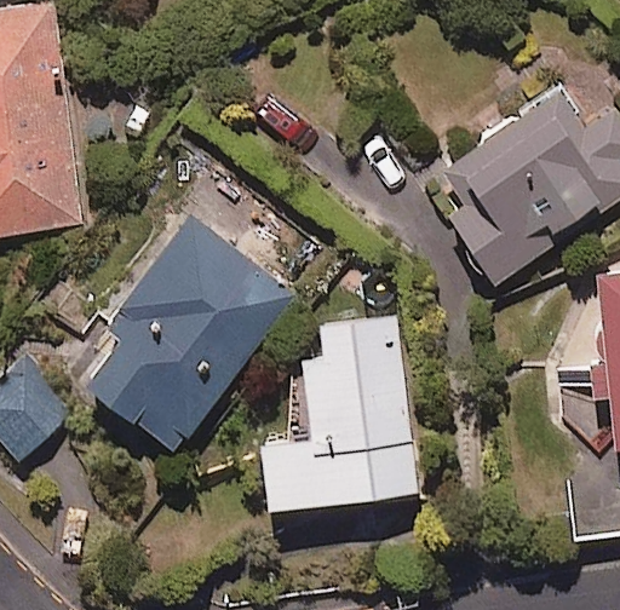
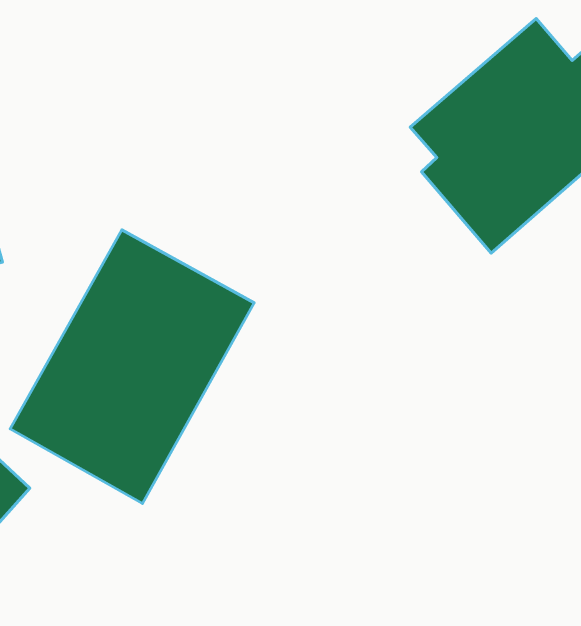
building: [254,313,412,501] -> none

